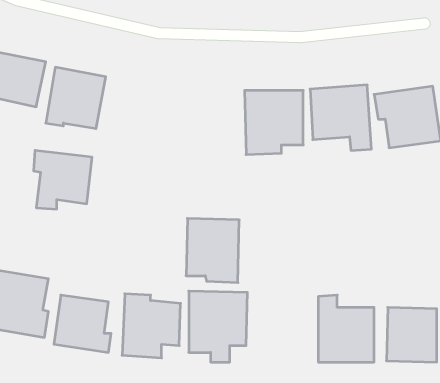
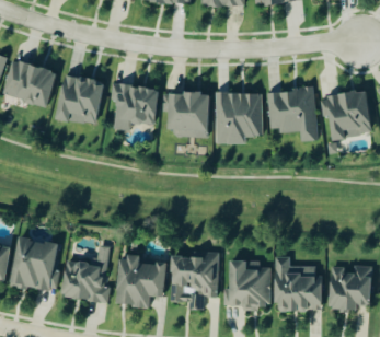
building: none -> [163,91,209,137]
building: [34,150,92,209] -> [112,82,159,129]
building: [186,218,239,283] -> [229,259,272,311]

